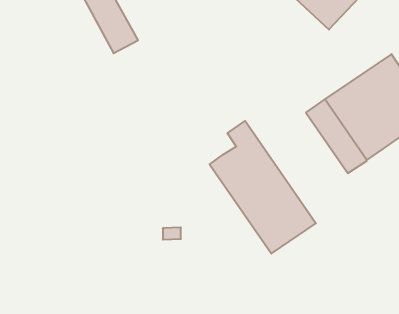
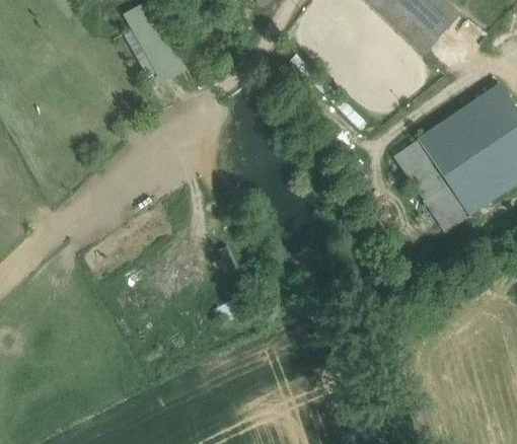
building: [210,121,316,254] -> none

